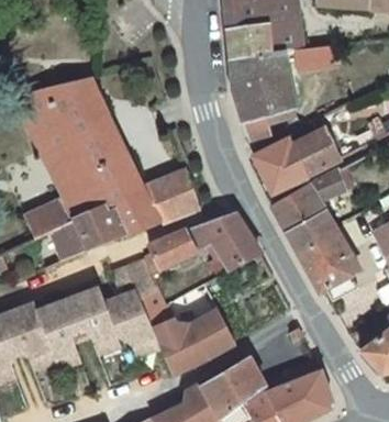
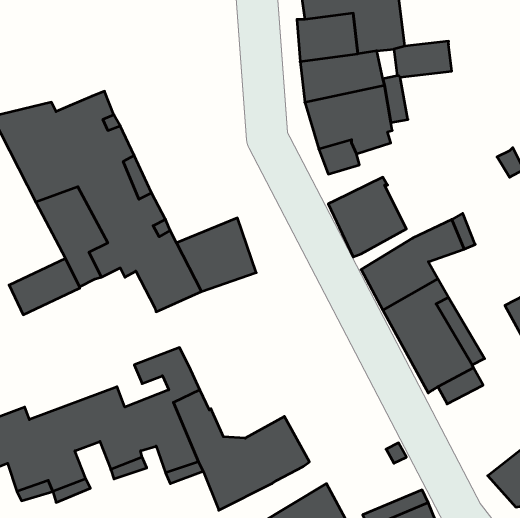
building: [289,126,349,176] -> none
building: [53,203,127,257] -> none
building: [145,211,262,273] -> none

